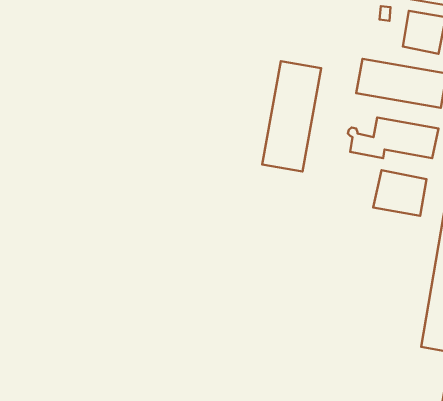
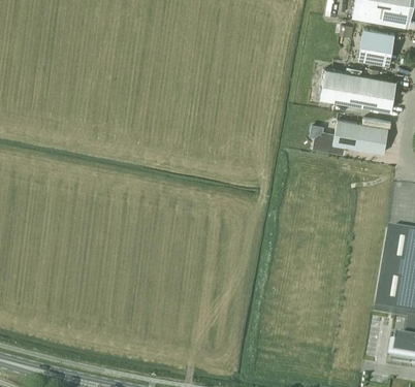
building: [262,61,321,171] -> none
building: [373,170,426,216] -> none

